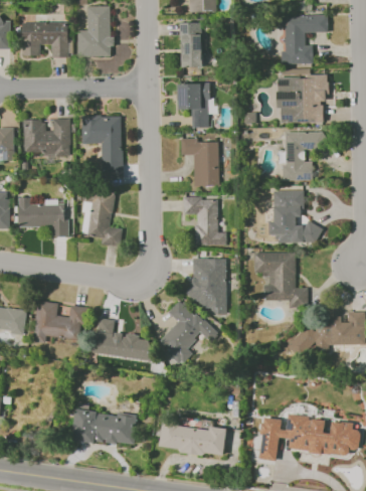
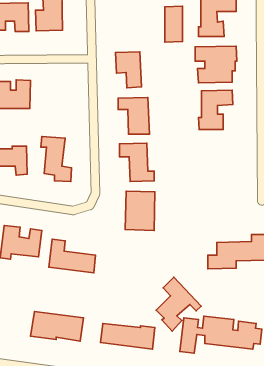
building: [179,22,201,67] -> [165,6,183,42]
building: [80,115,123,177] -> none
building: [267,190,320,242] -> none
building: [252,252,307,307] -> none
building: [159,299,215,366] -> [156,277,201,331]

